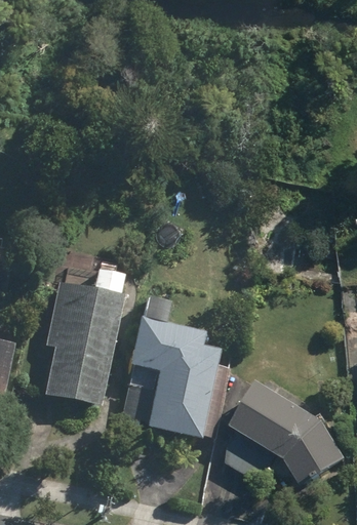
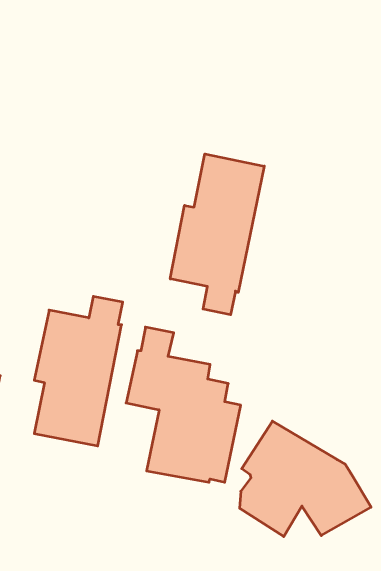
building: none -> [170,154,264,315]

